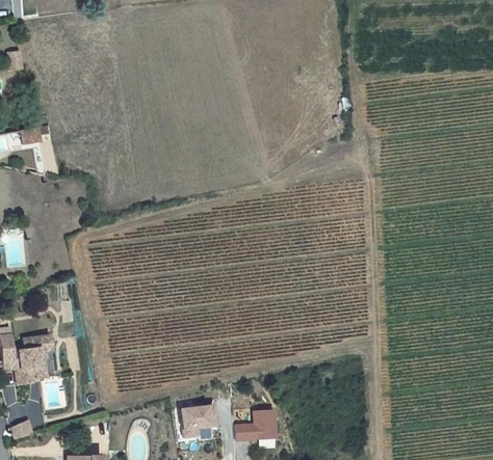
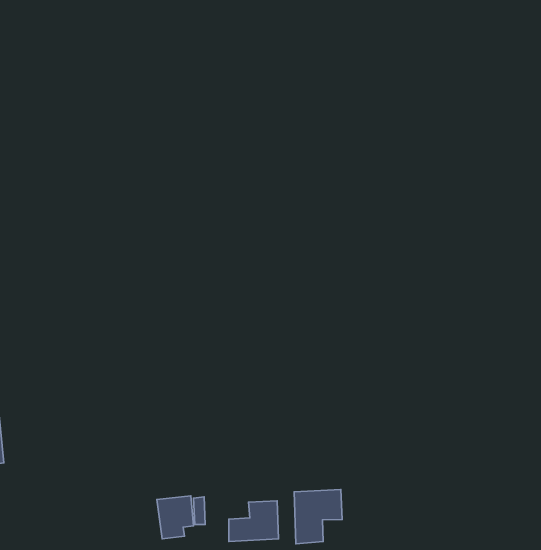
building: none -> [294,489,342,544]

